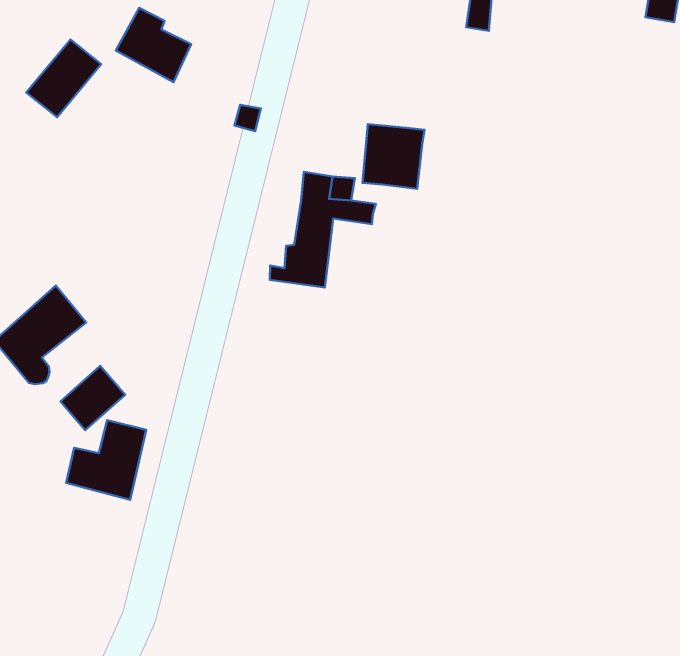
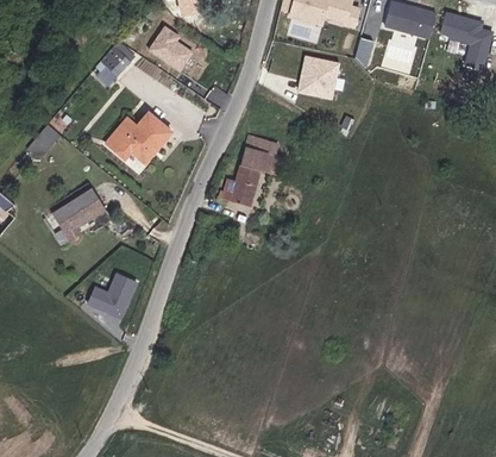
building: [362,124,425,189] -> [296,57,337,99]
building: none -> [111,109,180,161]
building: [60,366,125,430] -> none

